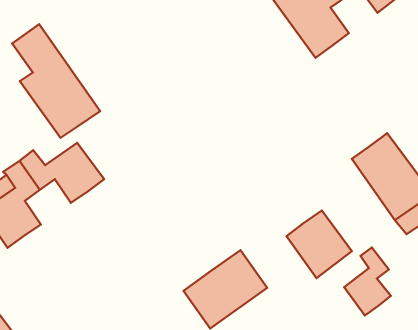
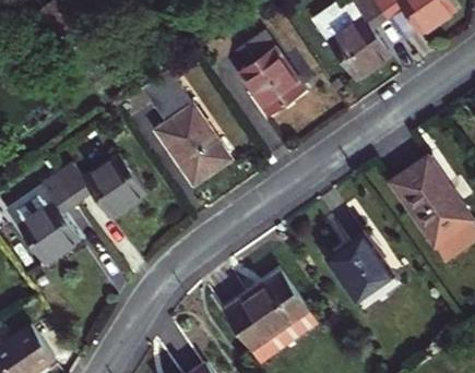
building: none -> [231,34,301,118]
building: [12,24,100,138] -> [143,70,233,185]
building: [344,248,391,316] -> none

